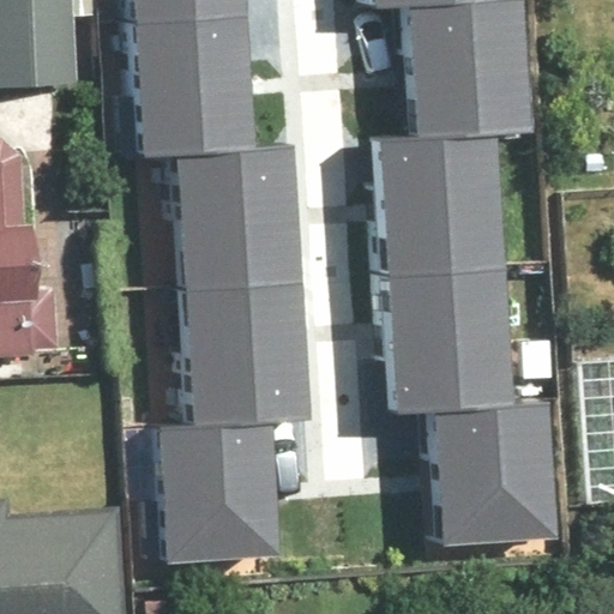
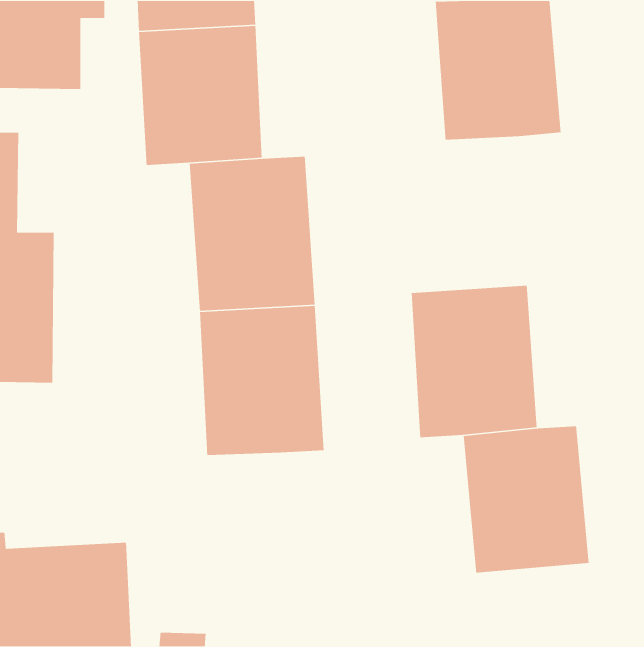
building: [380,130,499,277] -> none
building: [158,429,271,564] -> none

